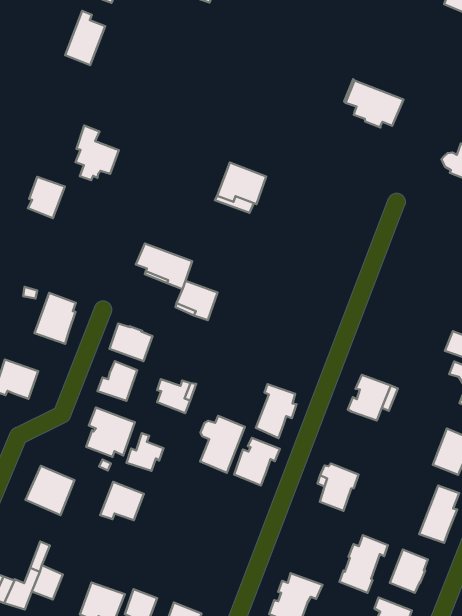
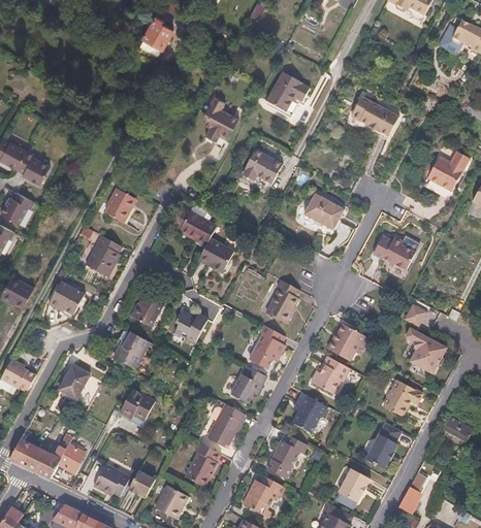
building: none -> [265,72,309,113]
building: [75,125,119,180] -> [202,94,237,137]
building: [28,177,65,218] -> [105,186,136,220]
building: none -> [302,194,344,230]
building: none -> [373,237,414,270]
building: none -> [264,279,296,322]
building: [109,324,152,361] -> none
building: none -> [310,356,349,394]
building: [200,416,245,473] -> [205,404,244,450]
building: [126,433,164,471] -> none
building: [340,535,388,593] -> [265,435,307,481]
building: none -> [184,443,219,489]

